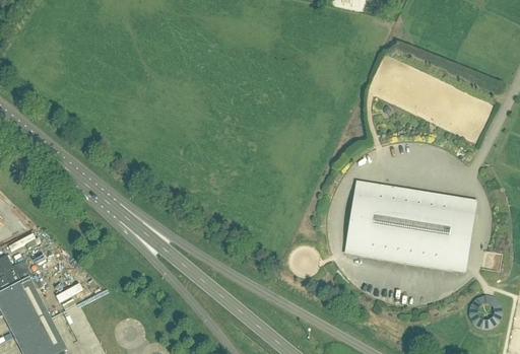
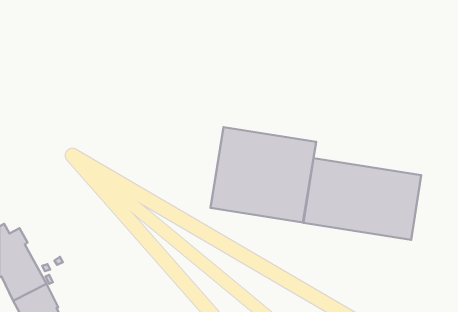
building: none -> [210,127,316,222]

